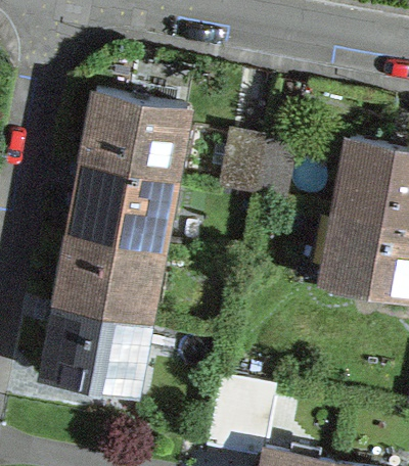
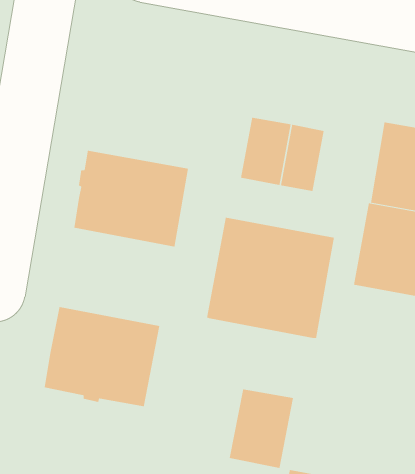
building: [81,91,185,180] -> none
building: none -> [206,217,335,339]
building: [55,233,160,321] -> none

